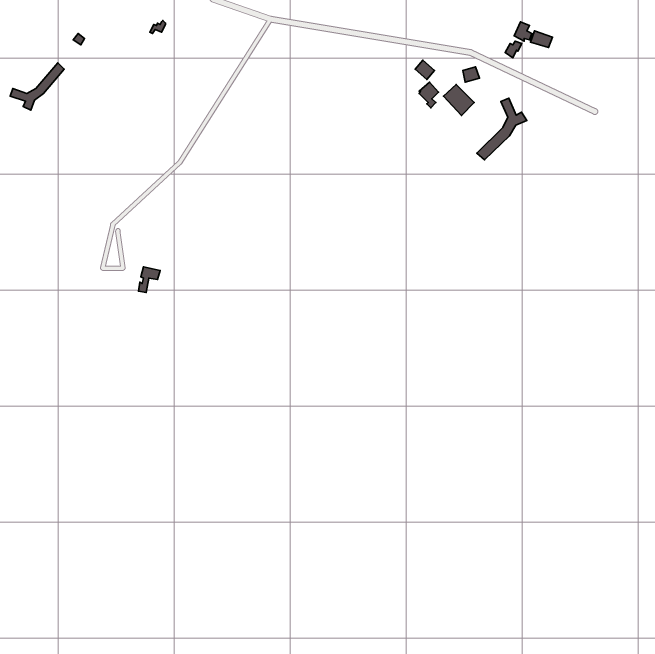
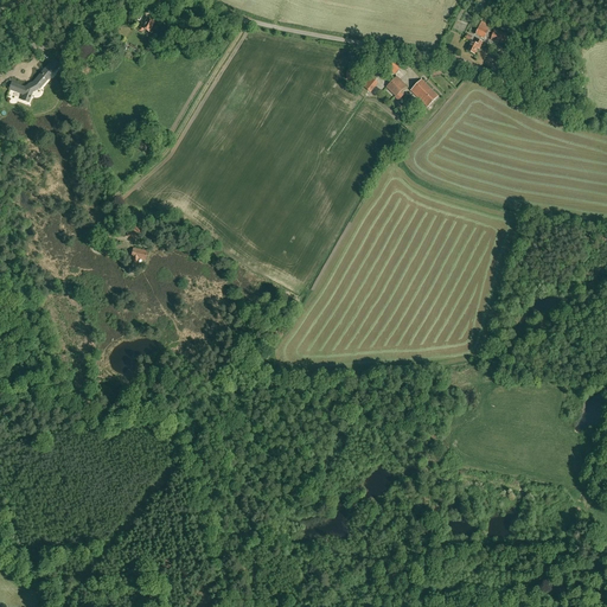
building: [477,98,527,160] -> none

